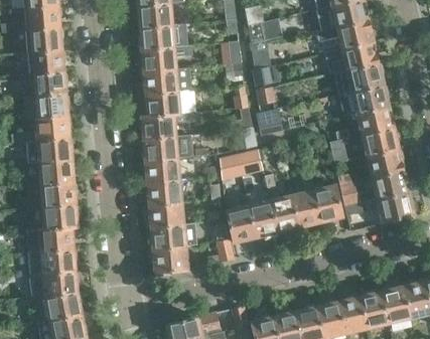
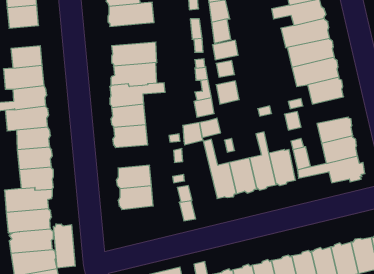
building: [140,47,177,71] -> none
building: [30,49,64,74] -> none
building: [361,127,400,156] -> none
building: [145,179,183,204] -> none
building: [226,203,257,242] -> none
building: [153,245,189,276] -> none
building: none -> [53,224,75,268]

